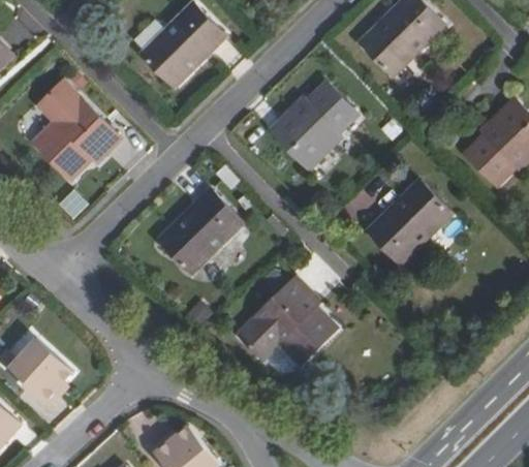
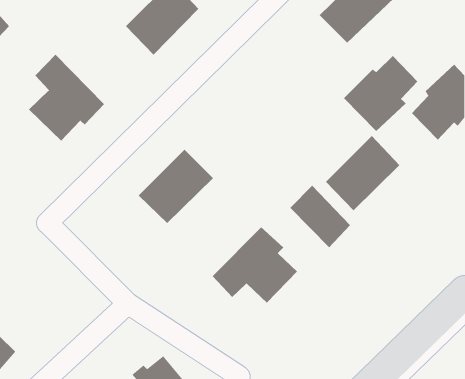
building: [271,83,355,169] -> [343,55,418,132]
building: none -> [290,185,351,248]
building: [8,335,73,404] -> none

